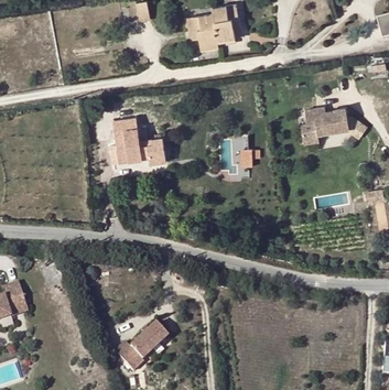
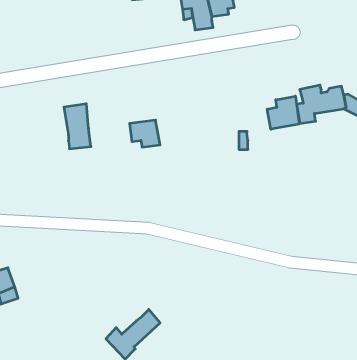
building: none -> [267,96,299,129]
building: [112,118,139,162] -> [64,104,91,149]

